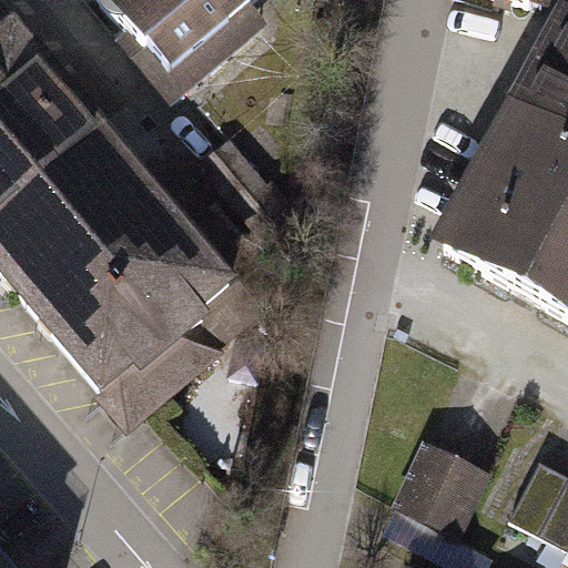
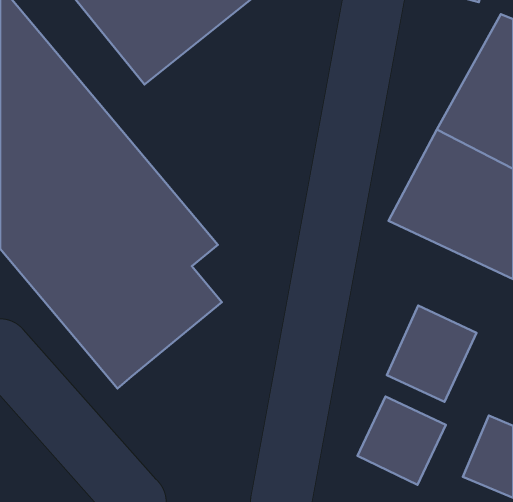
building: none -> [387,306,477,402]

